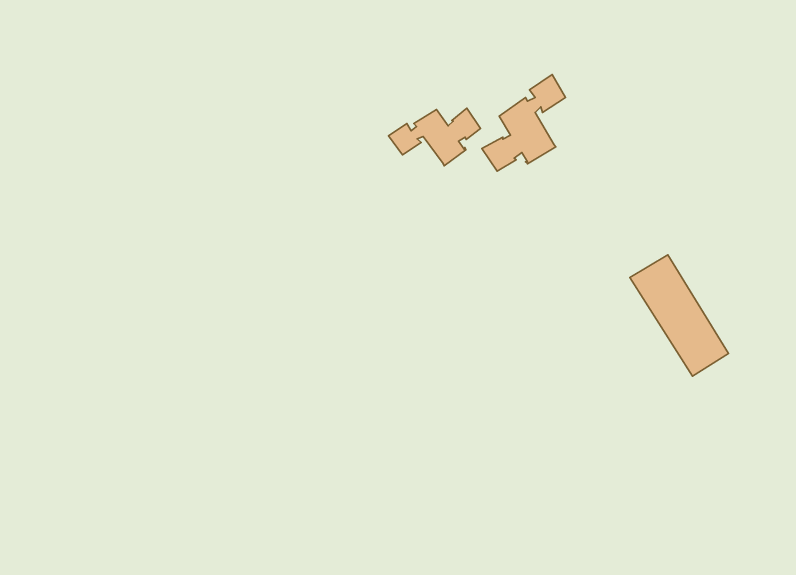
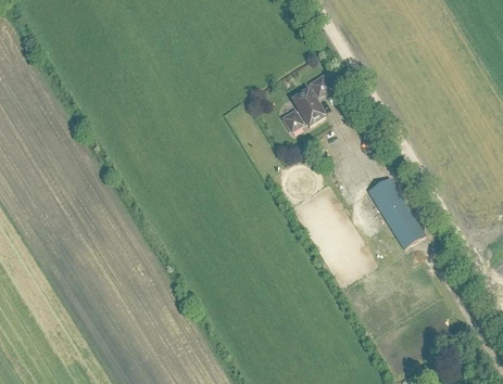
building: [388,108,480,166] -> none

